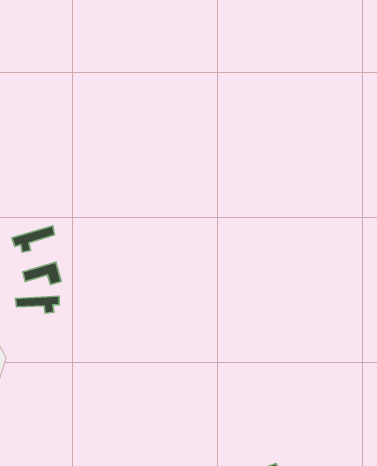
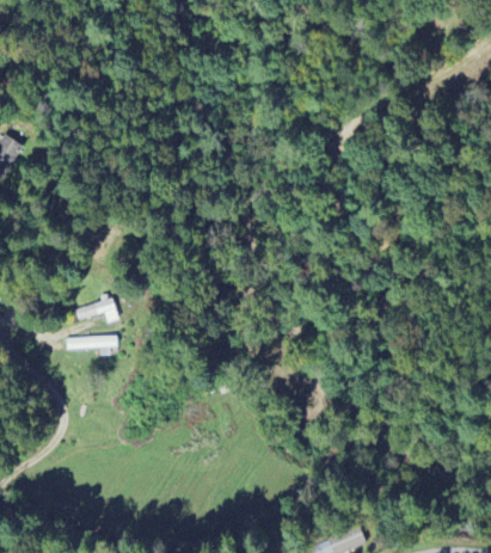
building: [12,226,55,252] -> none

